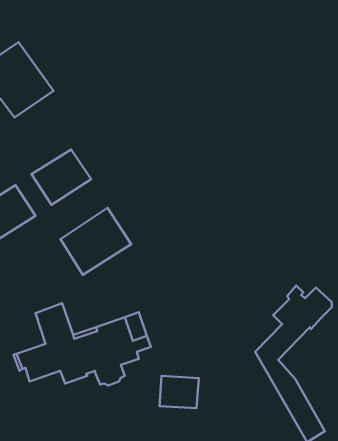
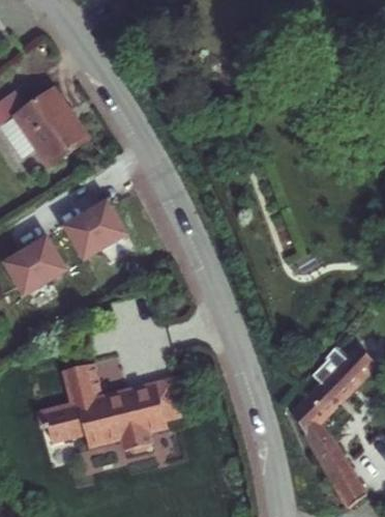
building: [60,208,131,275] -> none
building: [159,376,199,408] -> none

